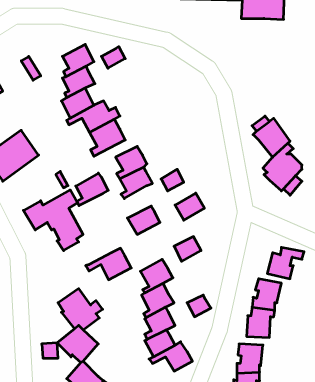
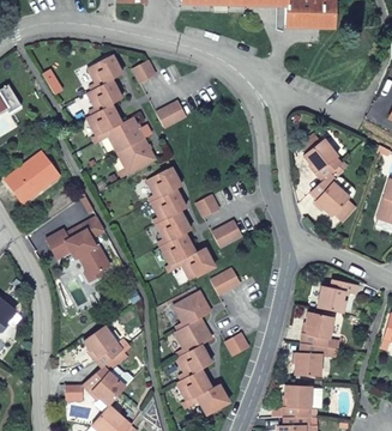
building: none -> [155,98,188,129]
building: [76,173,108,206] -> [156,211,192,247]
building: [86,248,131,280] -> [167,247,217,281]

